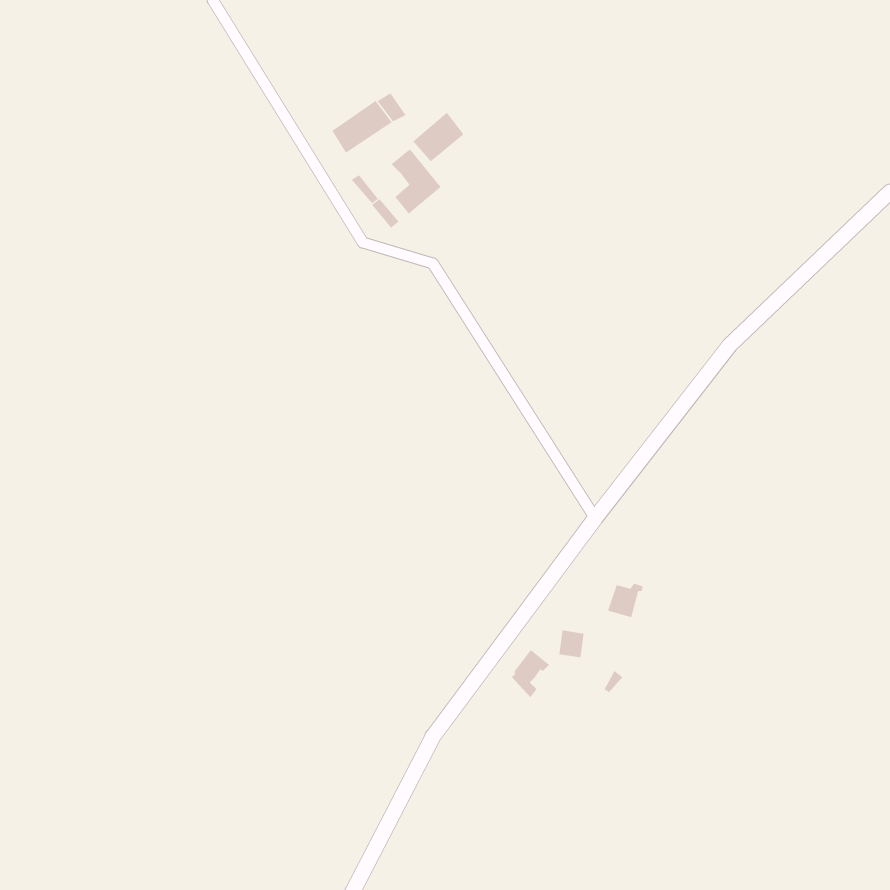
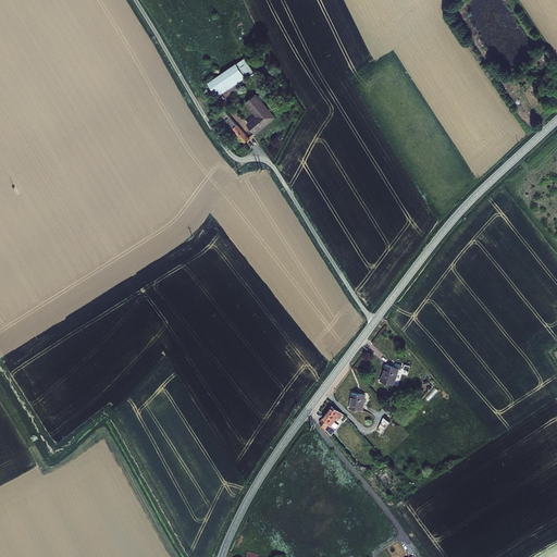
building: [412,112,465,162] -> none

